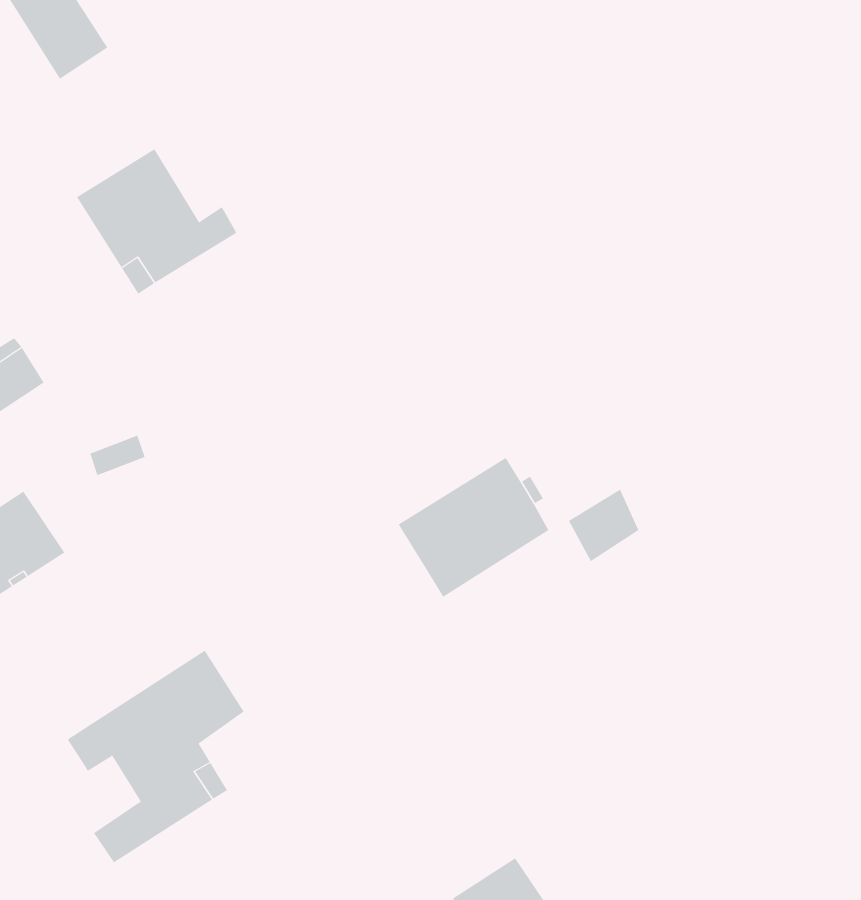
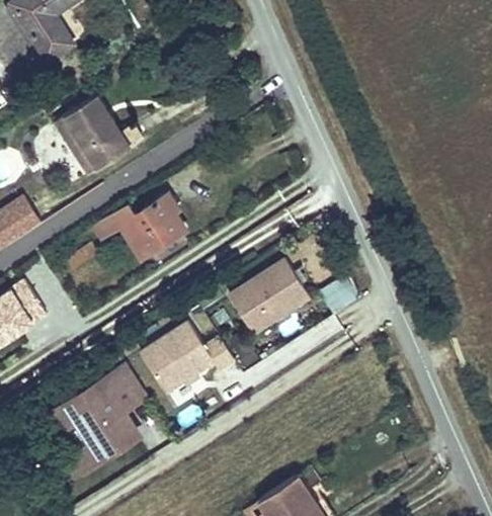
building: none -> [95,196,180,257]
building: none -> [139,324,234,394]

